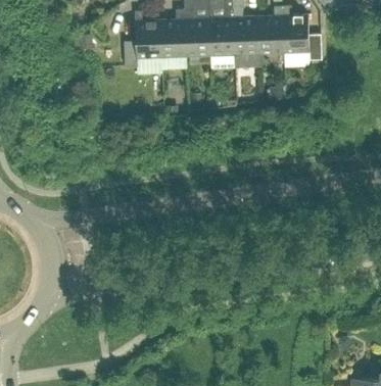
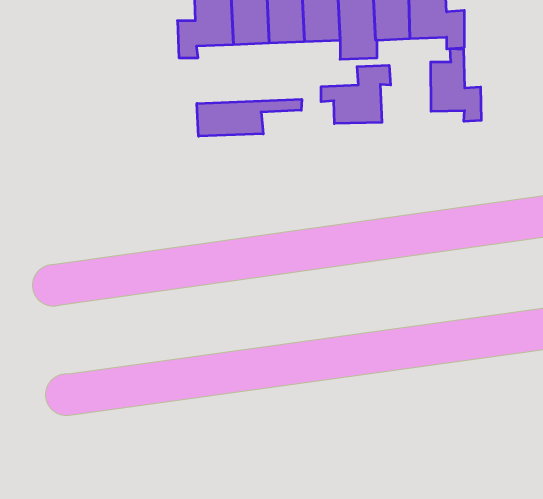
building: none -> [431,49,481,121]
building: none -> [321,65,391,124]
building: none -> [197,99,302,136]

